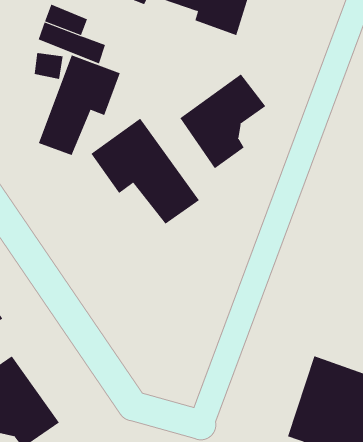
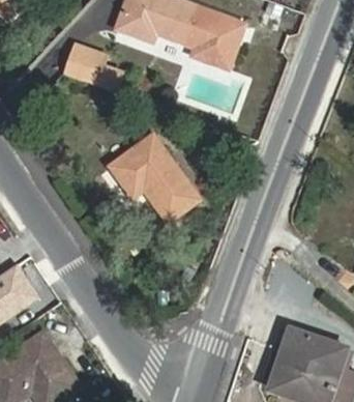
building: [38,55,121,156] -> none
building: [179,74,266,169] -> none

